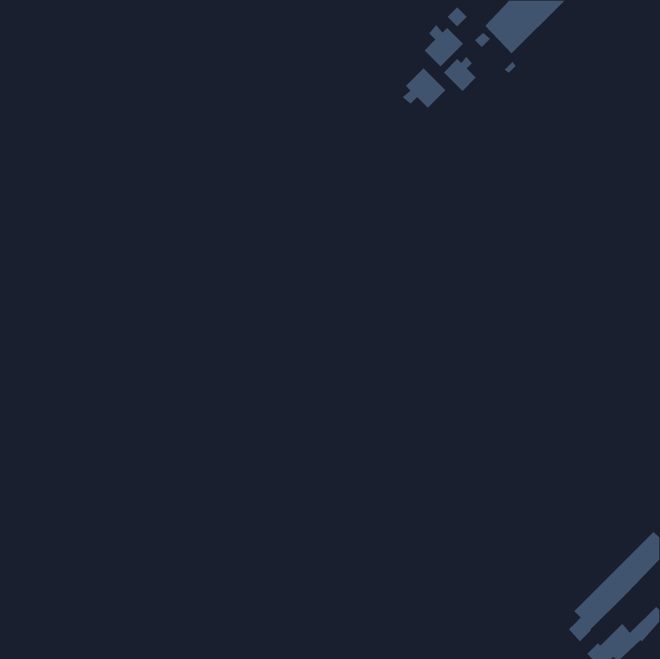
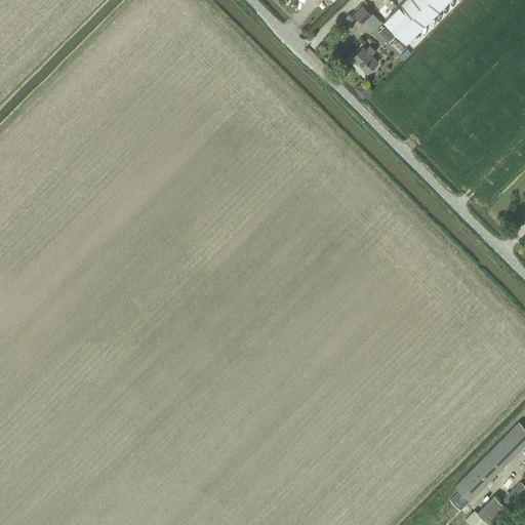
building: [424,24,464,67] -> none
building: [401,68,446,108] -> none

